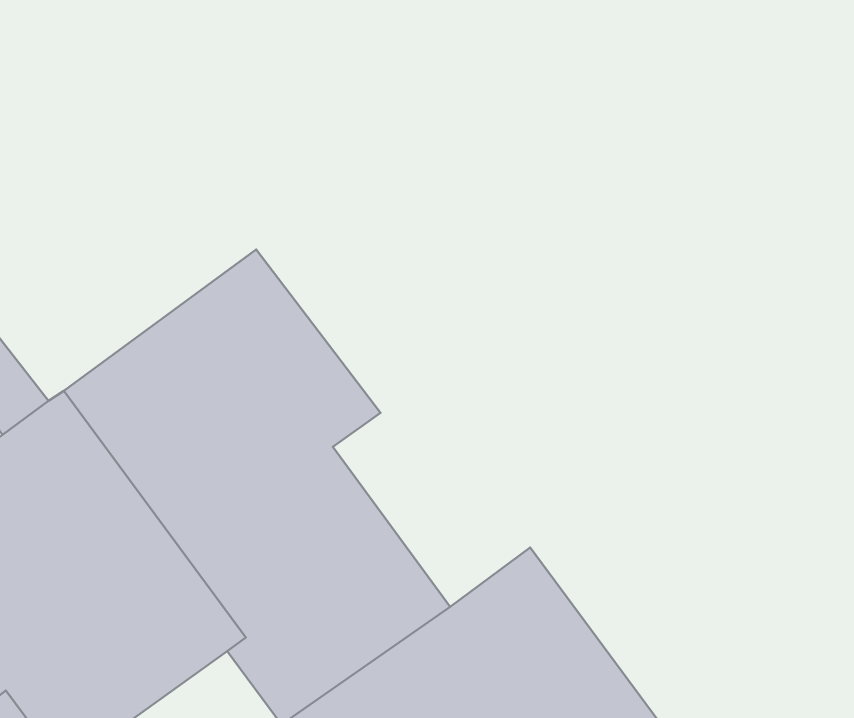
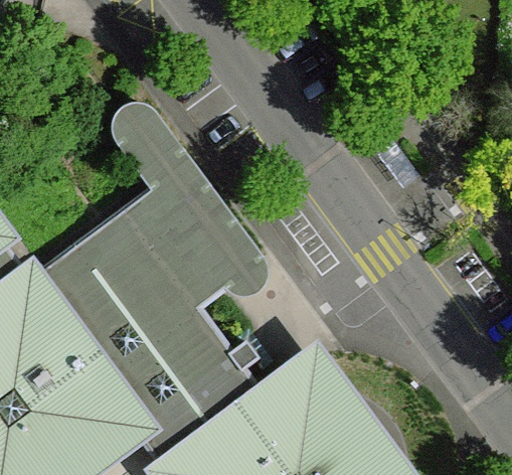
building: none -> [118,113,275,307]

